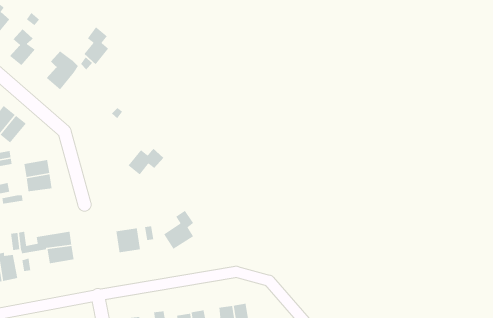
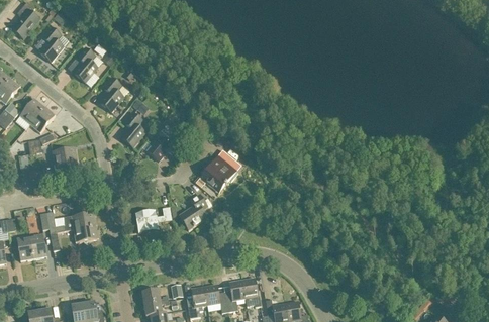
building: [84,26,109,65] -> [99,77,122,112]
building: none -> [120,113,143,146]
building: none -> [200,150,236,192]

